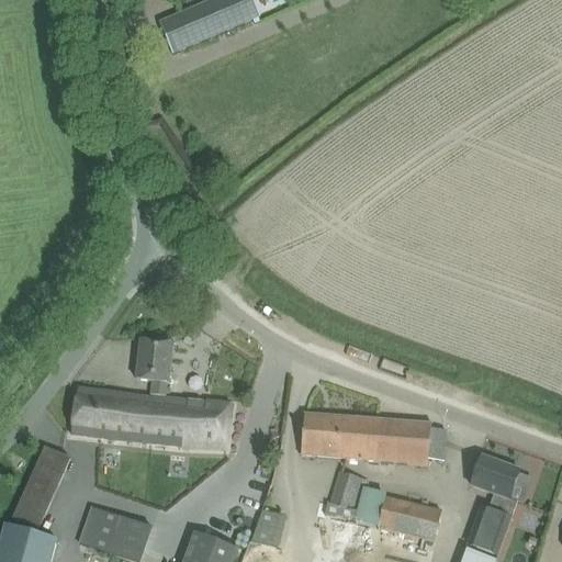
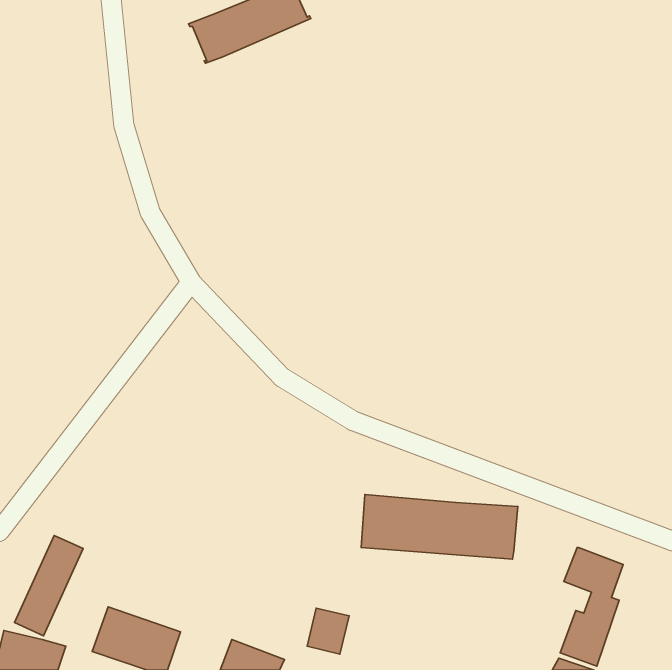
building: [71,339,231,453] -> none
building: [329,472,368,514] -> none
building: [376,497,441,540] -> none

